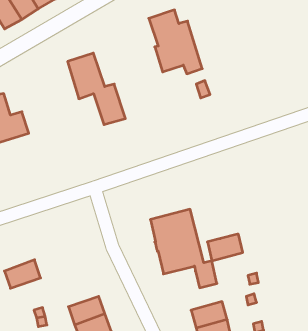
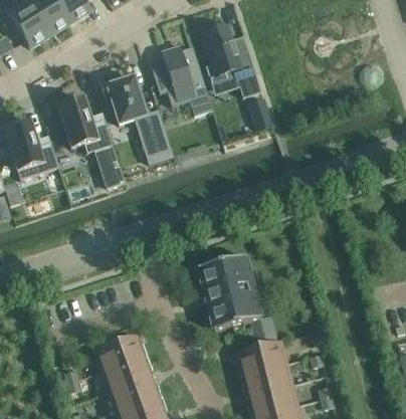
building: none -> [151,44,211,115]
building: none -> [57,94,123,185]
building: [207,234,243,261] -> [242,341,283,372]
building: [4,260,41,288] -> [97,335,140,368]

